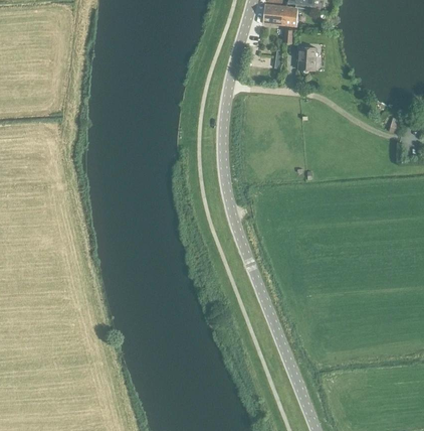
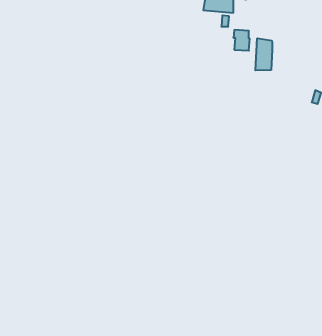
building: none -> [255,38,272,70]

